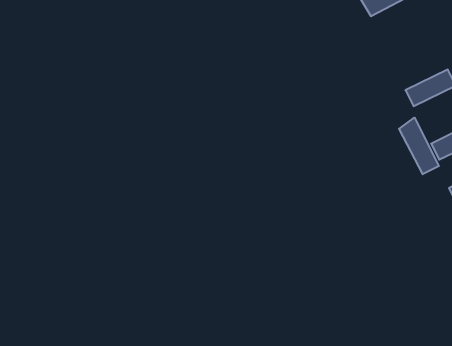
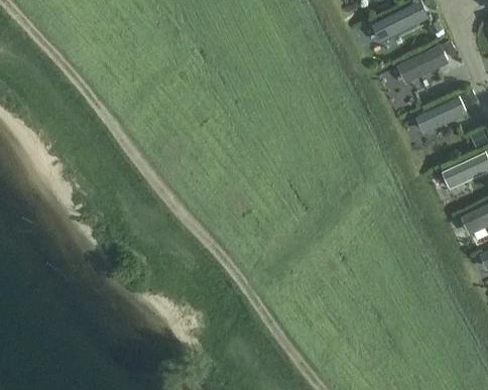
building: none -> [397,44,450,84]
building: [399,118,439,174] -> none

